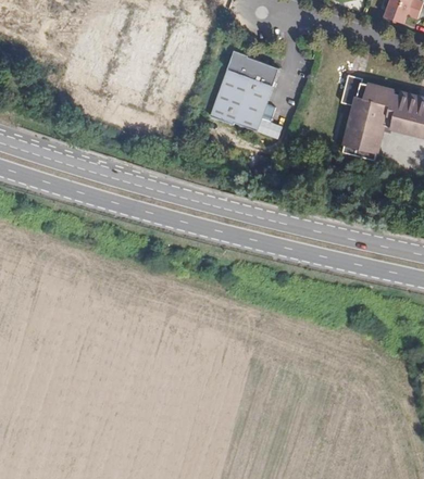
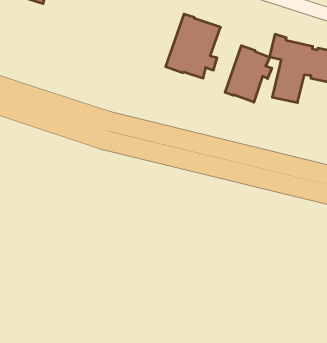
building: none -> [225,46,272,102]

